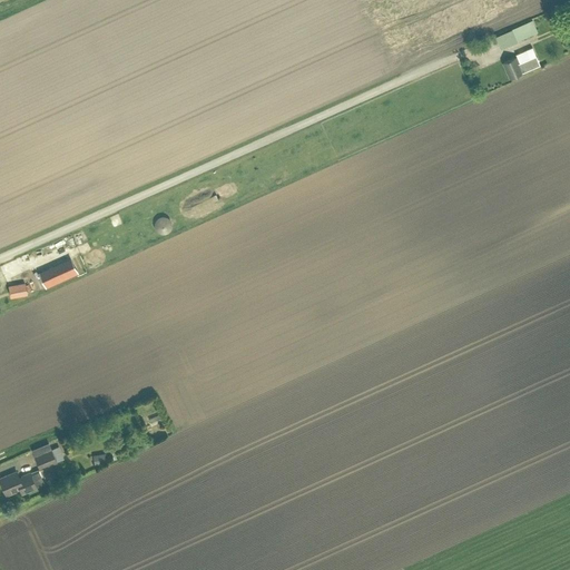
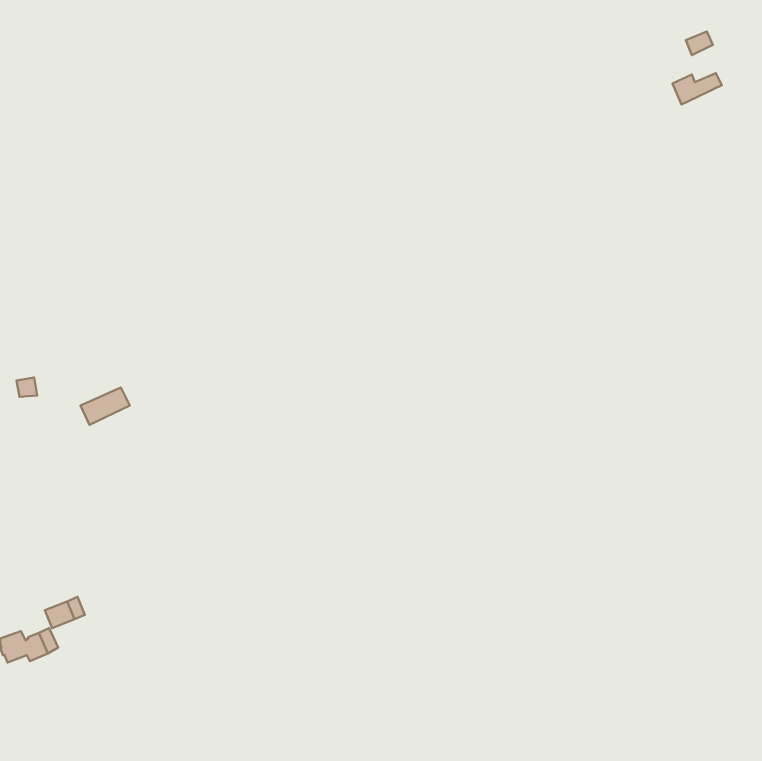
building: [40,261,77,288] -> [81,388,130,425]

